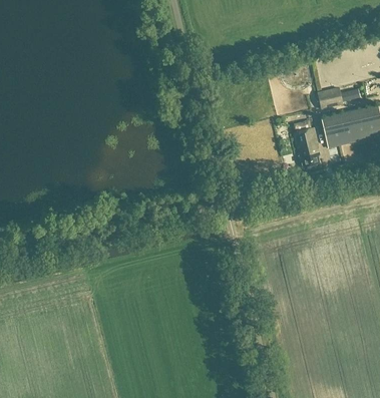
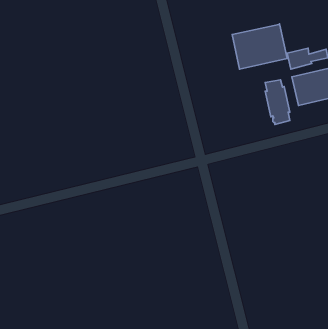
building: none -> [232,24,287,69]

